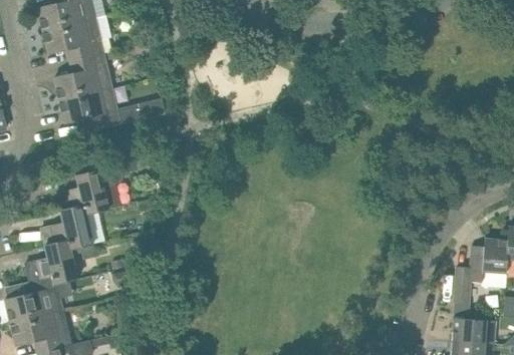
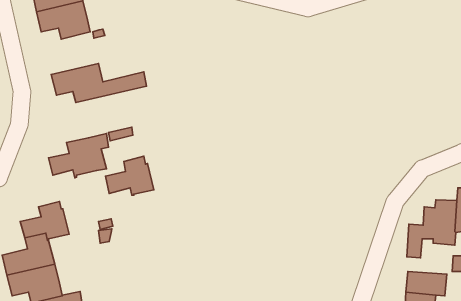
building: [54,53,111,100] -> none
building: [41,206,94,249] -> [106,156,154,195]

